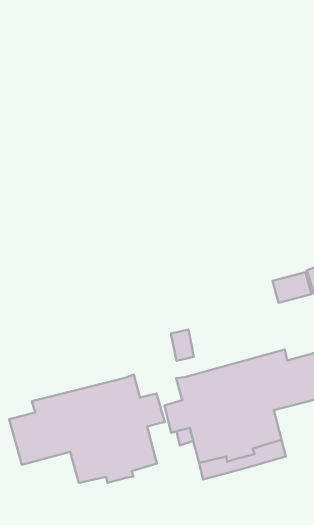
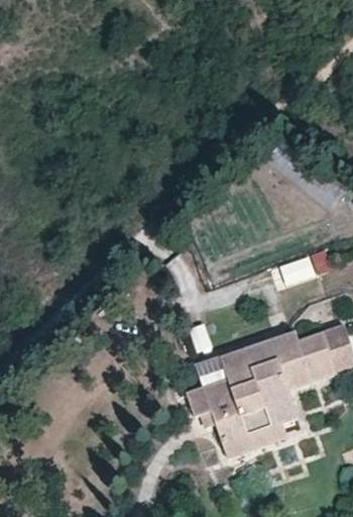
building: [9,374,165,483] -> none

